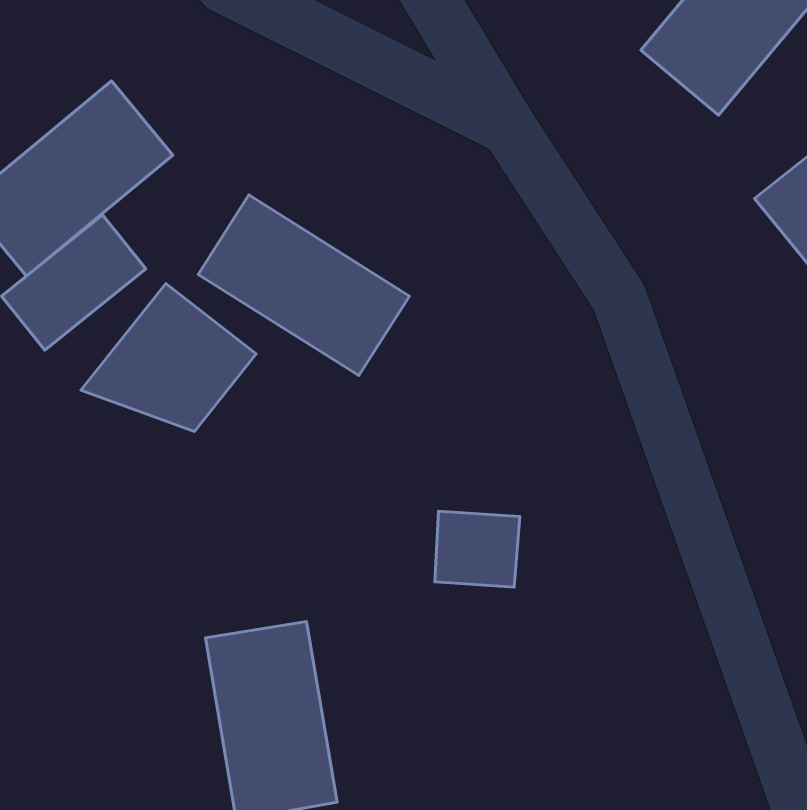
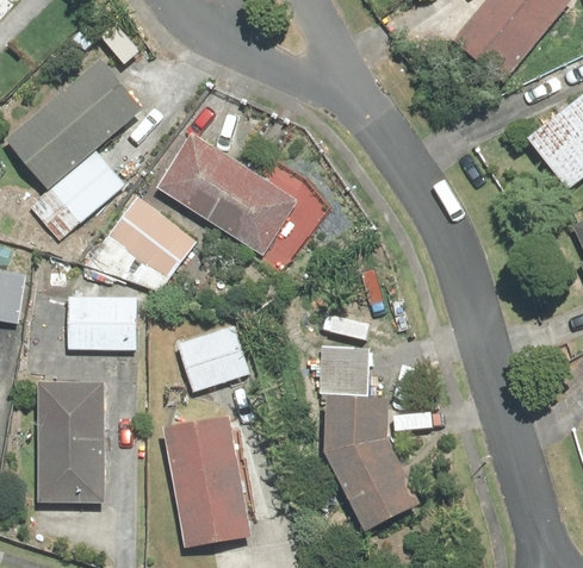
building: none -> [63,294,138,349]
building: none -> [175,322,253,393]
building: none -> [38,382,107,504]
building: none -> [323,398,422,535]

